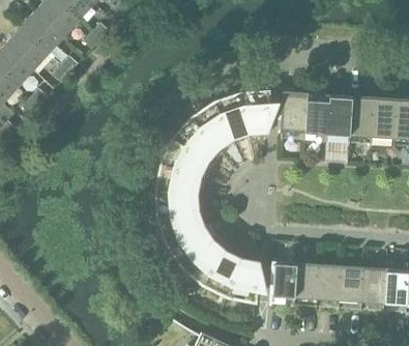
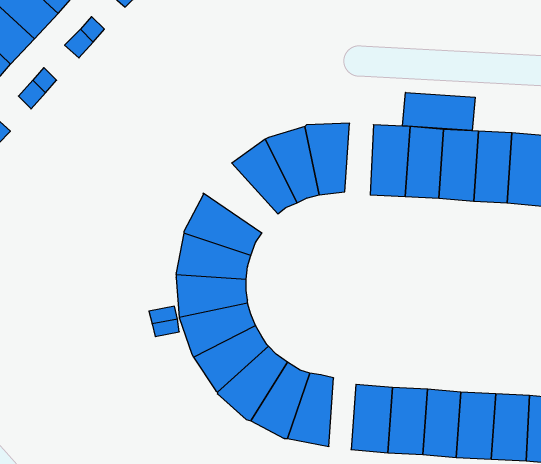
building: none -> [403,92,475,131]
building: [173,117,222,163] -> none

